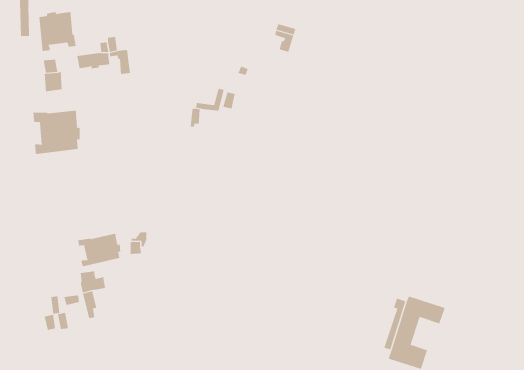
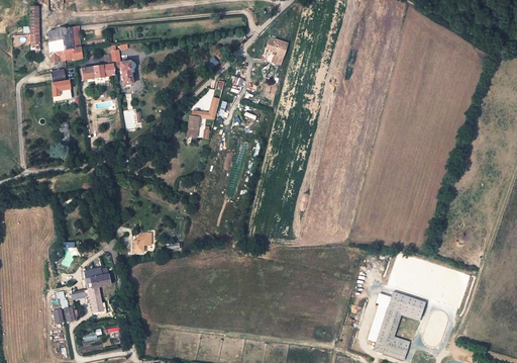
building: [33,110,80,155] -> none
building: [77,233,121,267] -> none

